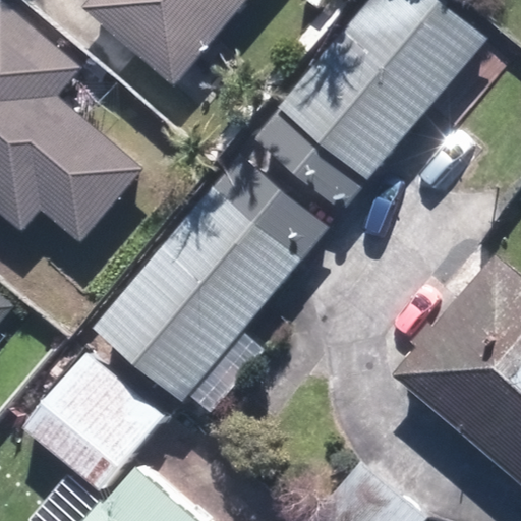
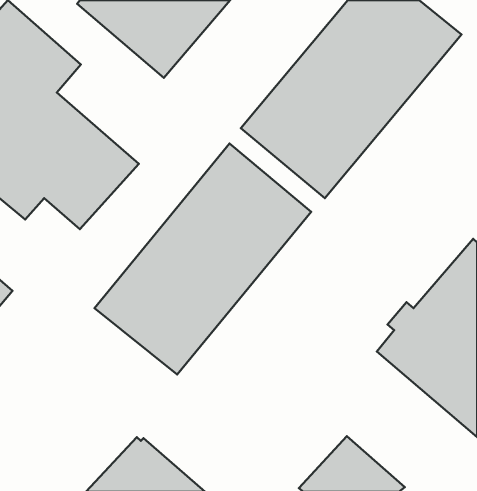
building: [5,350,164,513] -> none

